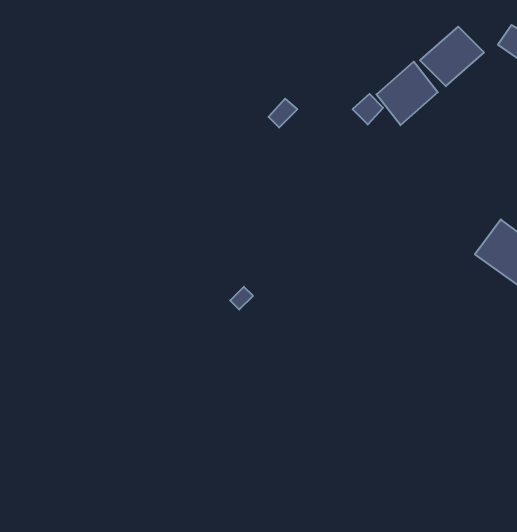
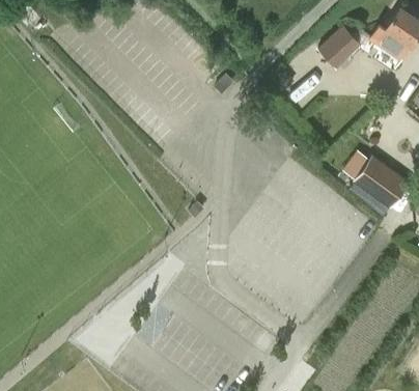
building: [376,62,438,125] -> none

